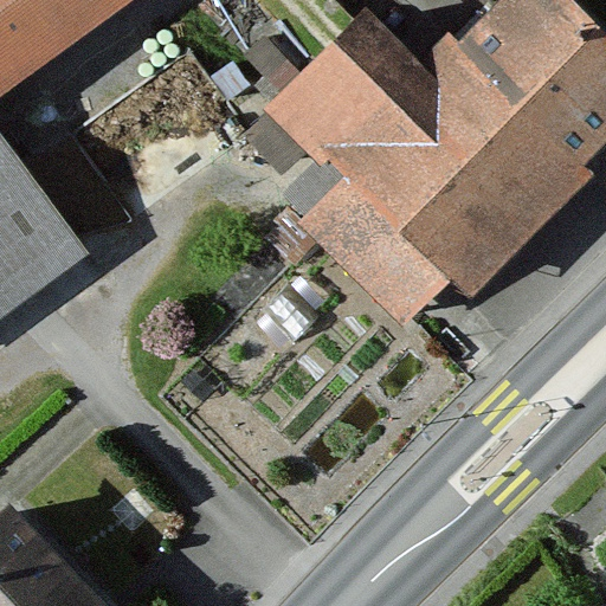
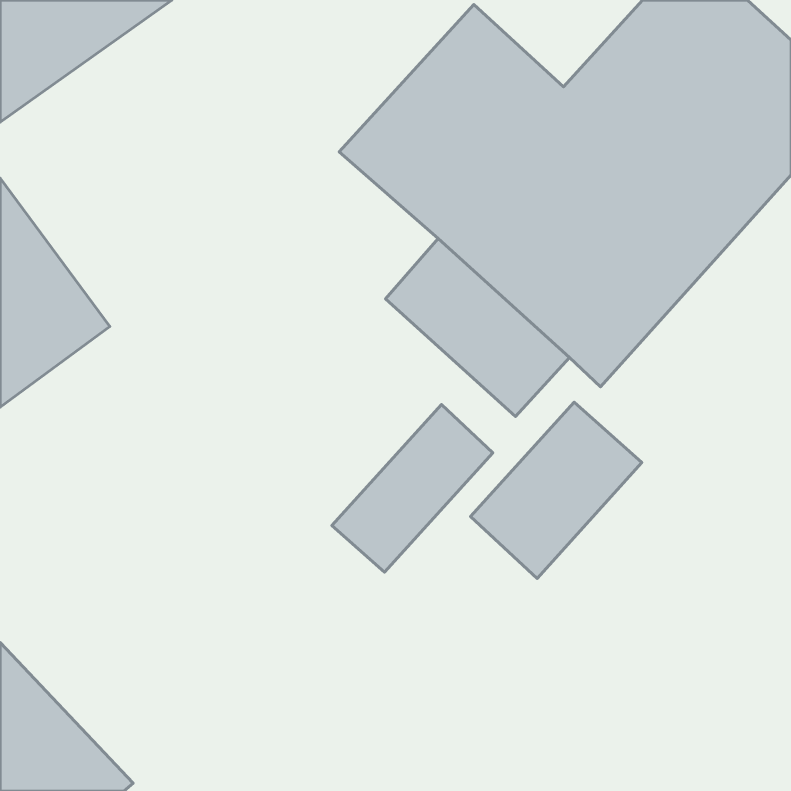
building: none -> [471,402,642,578]
building: none -> [332,404,493,572]

